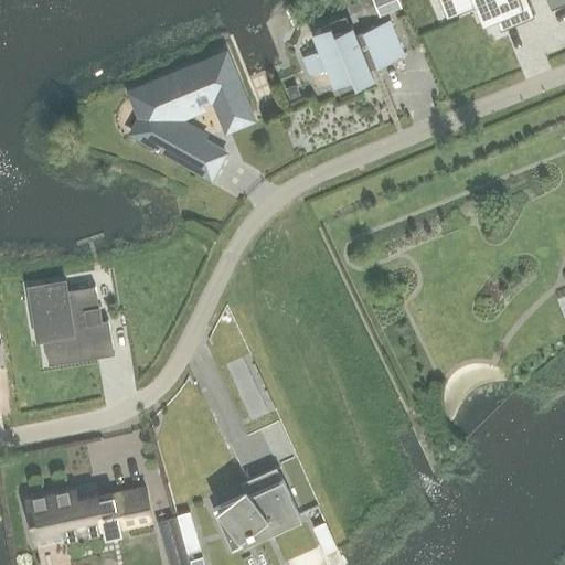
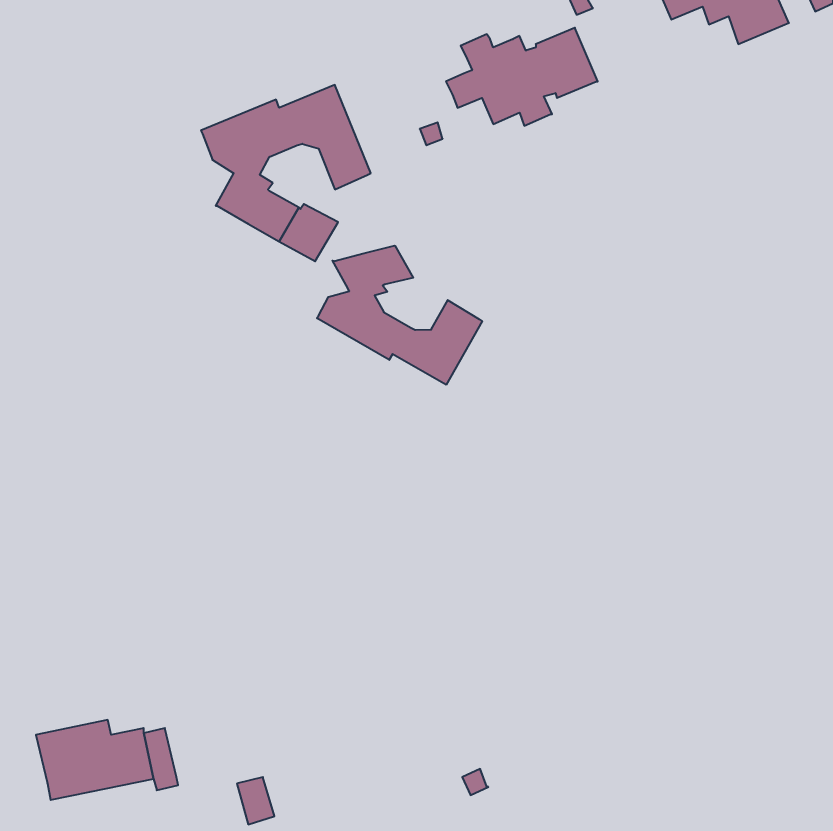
building: none -> [317,246,482,385]
building: [30,282,113,358] -> none
building: [212,465,299,548] -> none
building: [111,486,152,525] -> none

